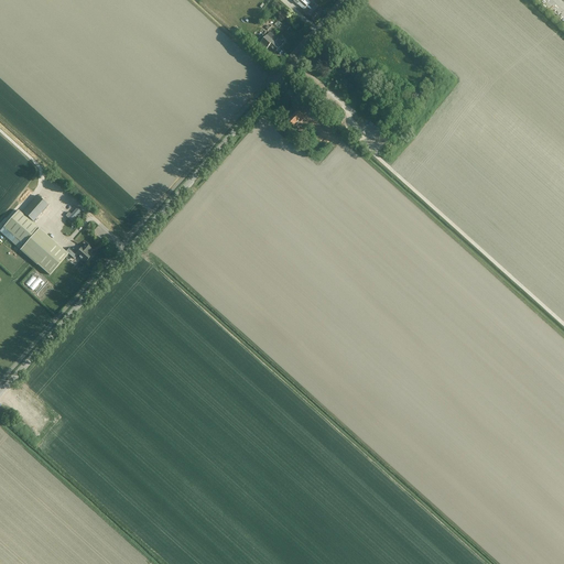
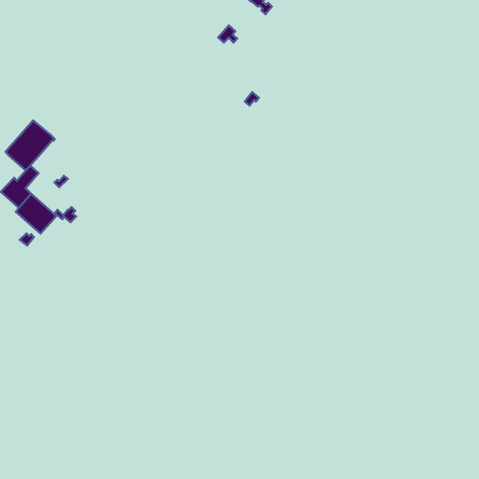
building: none -> [5,120,54,171]

